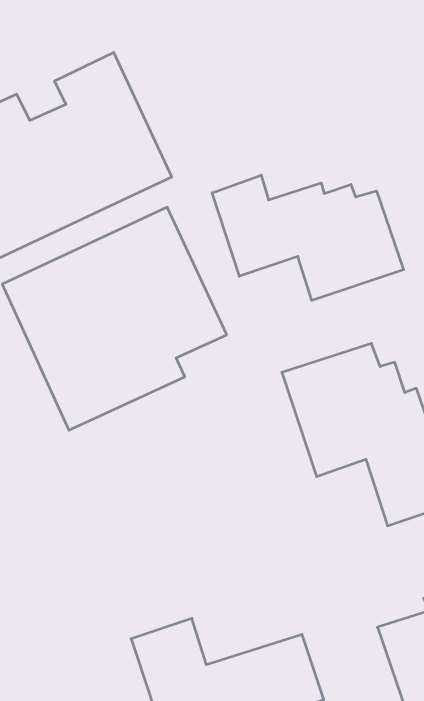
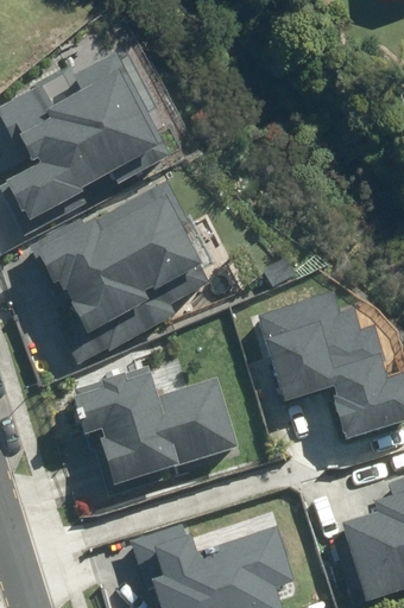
building: [212,175,404,300] -> none
building: none -> [69,365,234,487]

